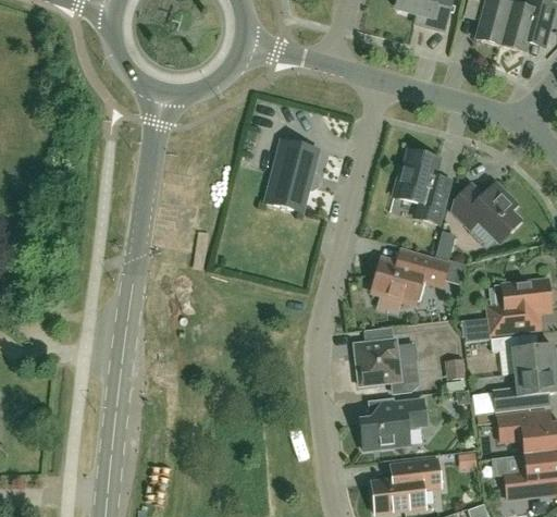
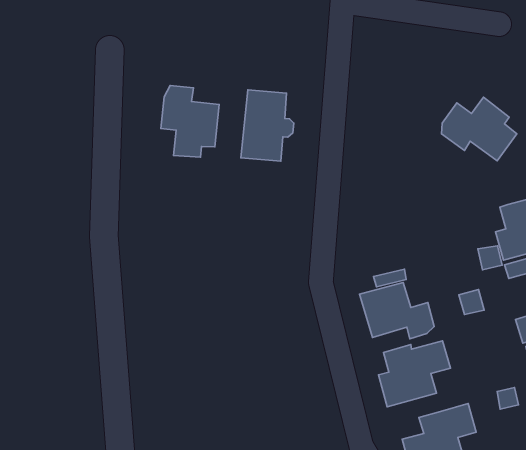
building: none -> [161,86,219,157]
building: [394,150,451,223] -> none
building: [373,249,448,303] -> none

